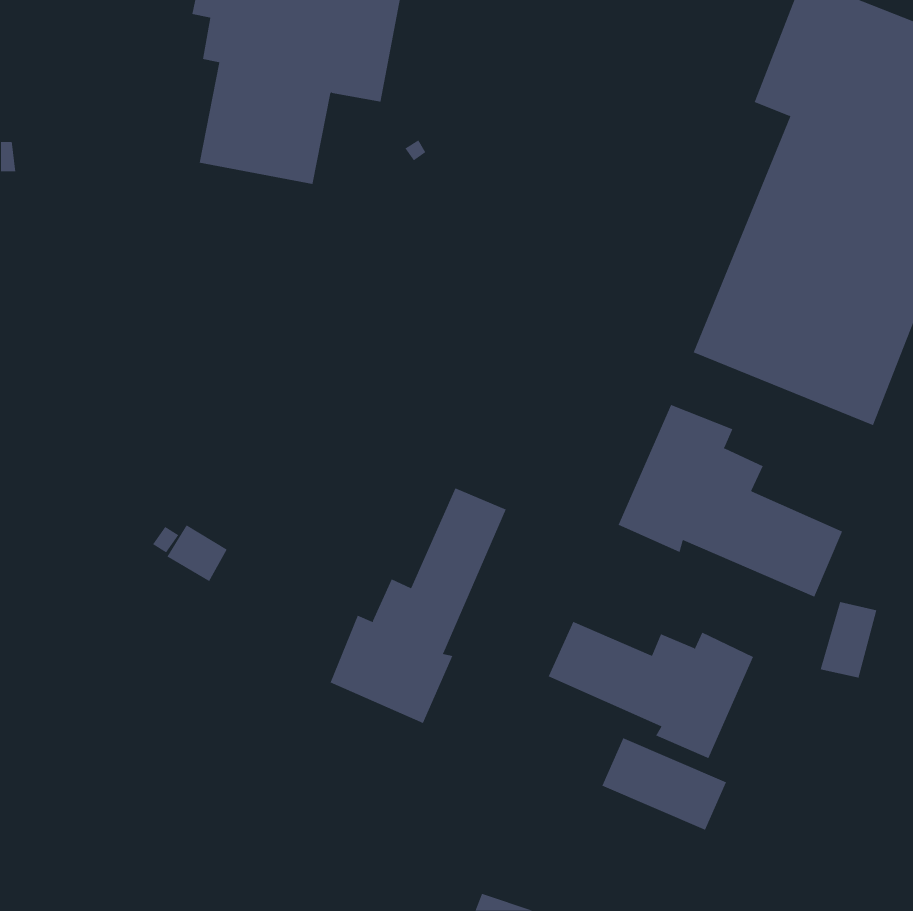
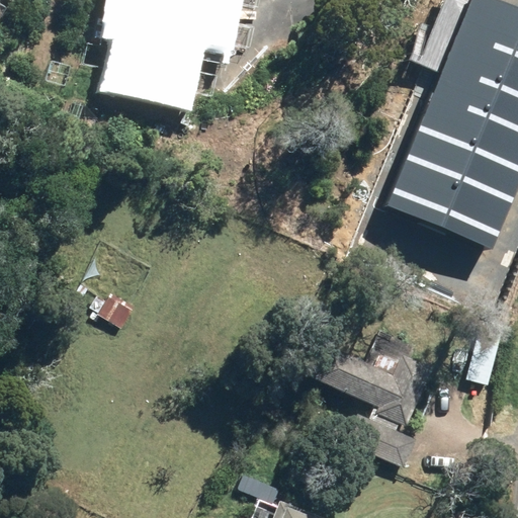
building: [618,404,843,598] -> none
building: [330,488,506,724] -> none

